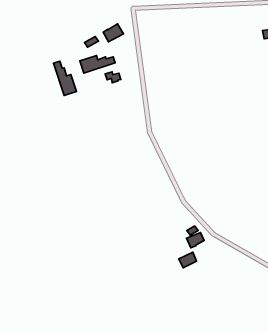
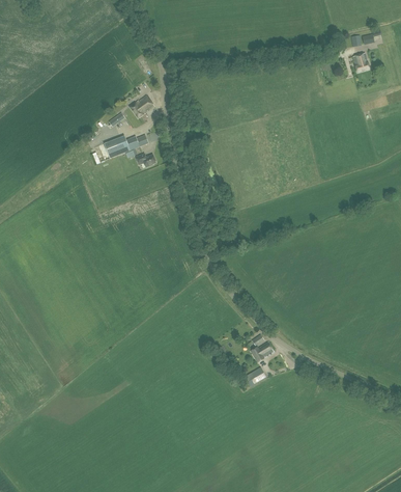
building: [54,61,76,95] -> none

